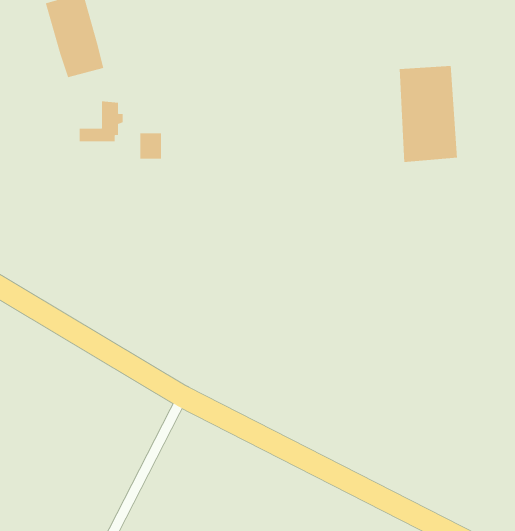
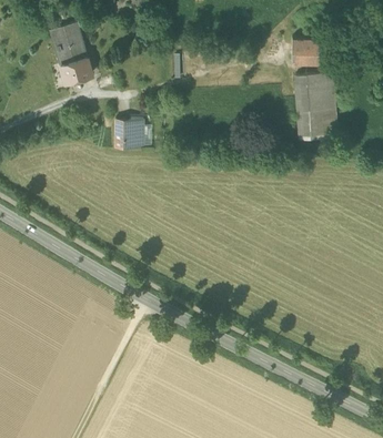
building: none -> [291,38,330,63]
building: [79,100,124,142] -> [115,120,147,149]

